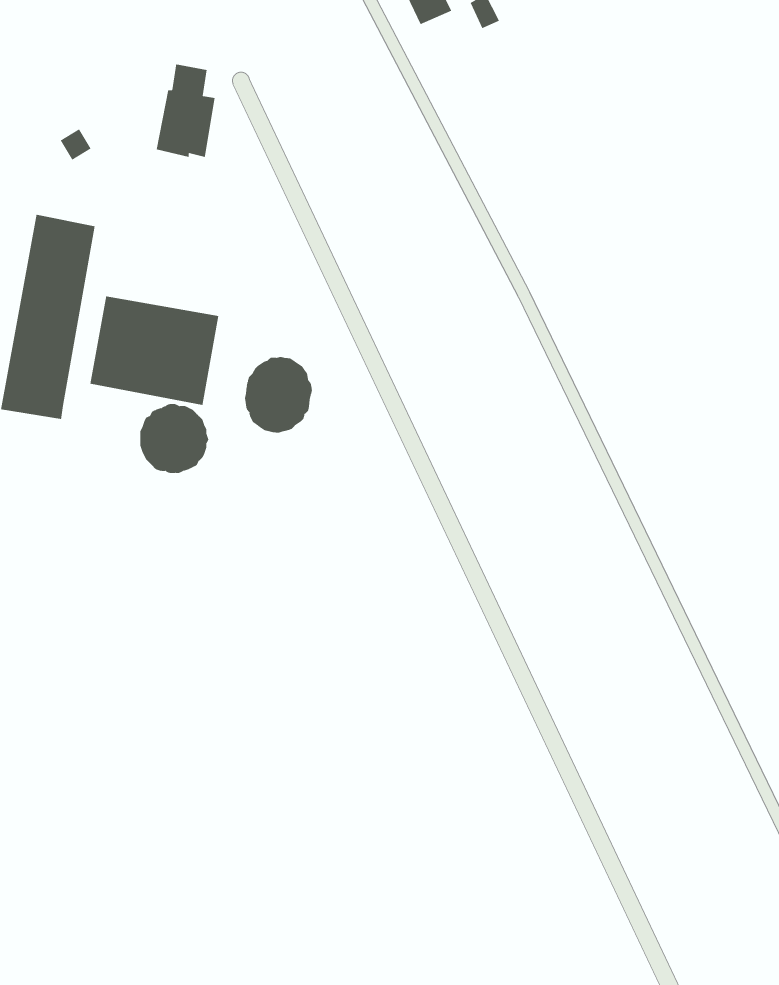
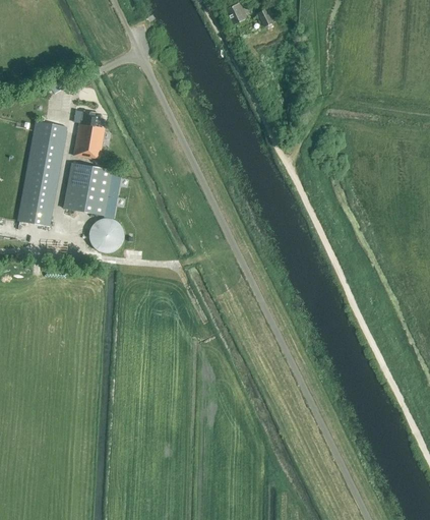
building: [156,64,215,158] -> [73,110,104,158]
building: [244,356,312,433] -> none

